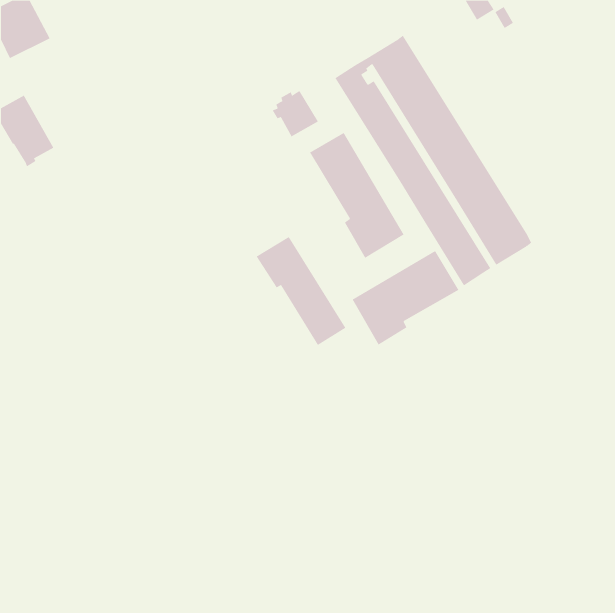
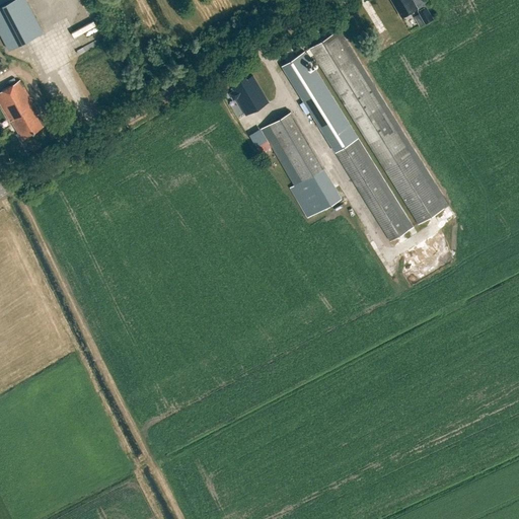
building: [256,236,346,346] -> none
building: [352,250,459,346] -> none

